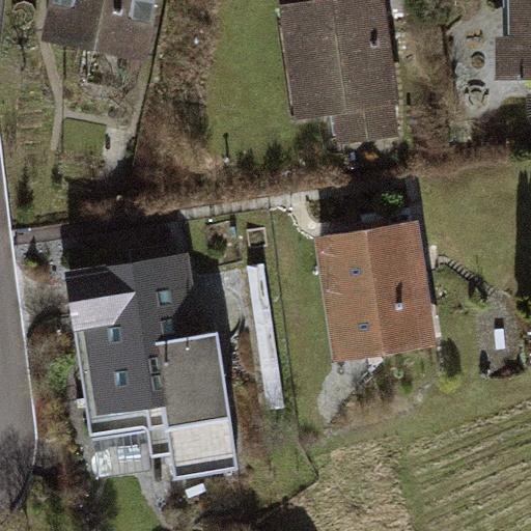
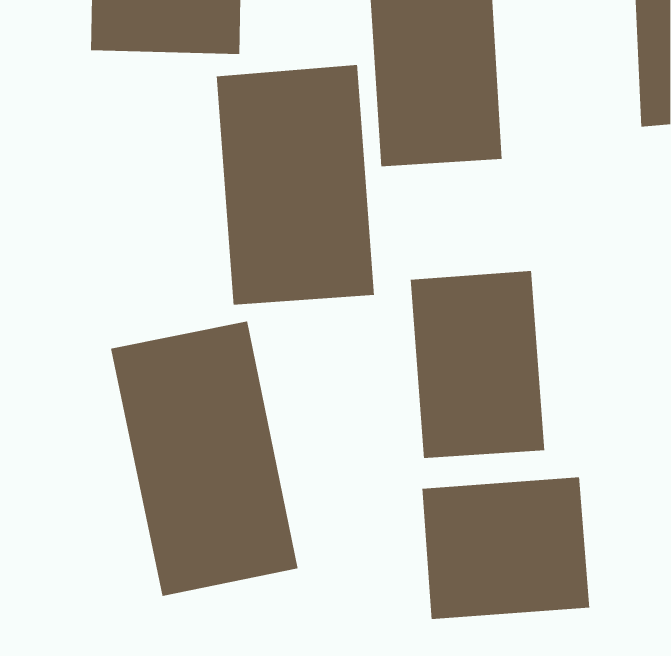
building: none -> [216,64,374,305]
building: none -> [422,477,590,620]

